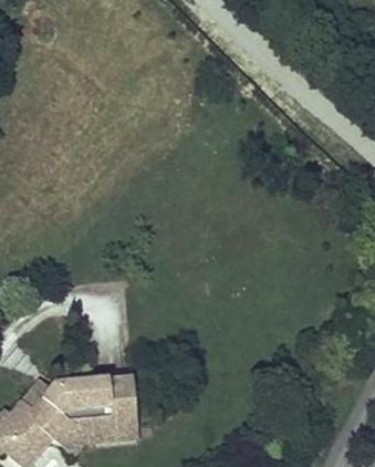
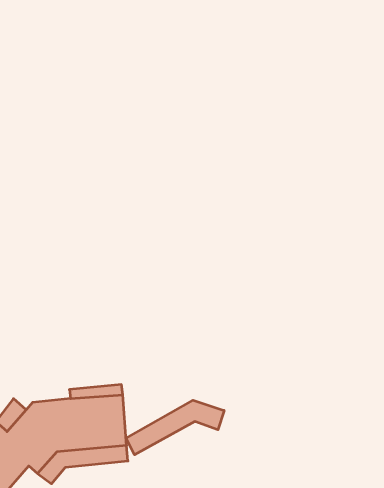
building: none -> [126,400,224,455]

